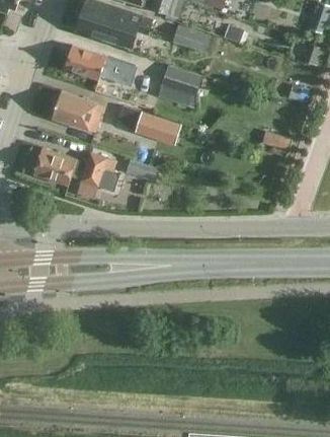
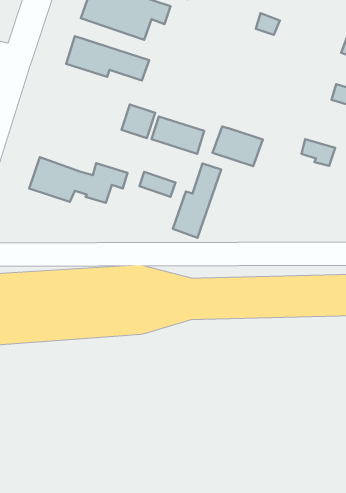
building: [171,25,210,53] -> none
building: [160,65,202,98] -> [212,126,263,166]
building: [51,91,103,132] -> none
building: none -> [173,164,221,238]

